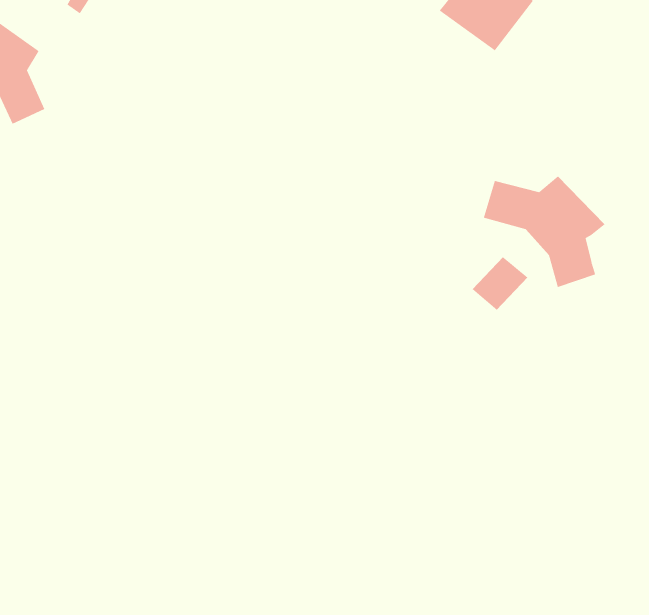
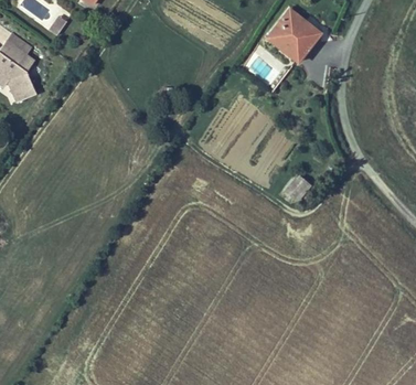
building: [483,175,605,288] -> none

